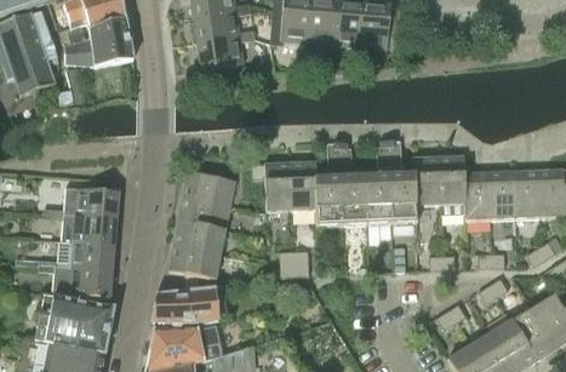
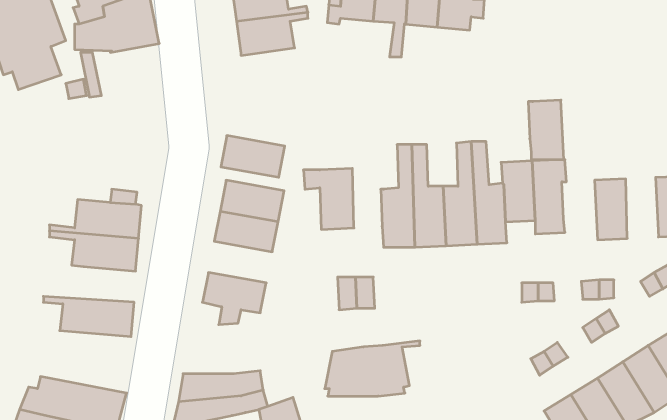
building: [292,160,318,210] -> none
building: [515,168,542,218] -> none
building: [463,171,492,219] -> [528,100,564,160]
building: [175,221,227,254] -> [221,136,285,177]
building: [40,241,115,270] -> none
building: [151,284,229,328] -> [325,341,420,396]
building: [38,294,115,344] -> none

